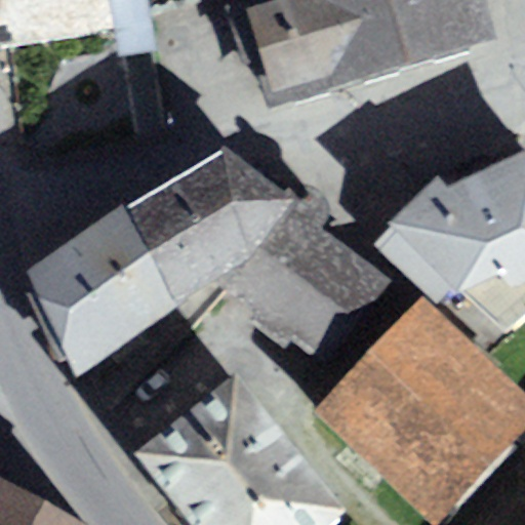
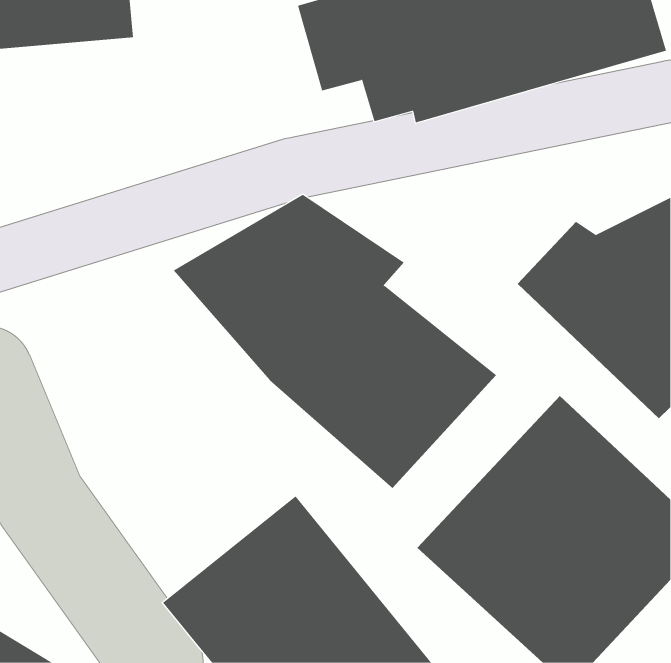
building: [24,207,206,379] -> none

